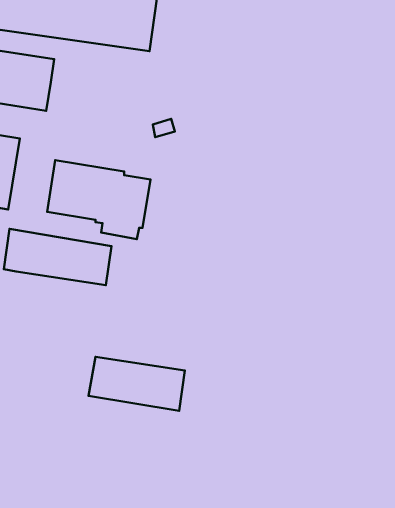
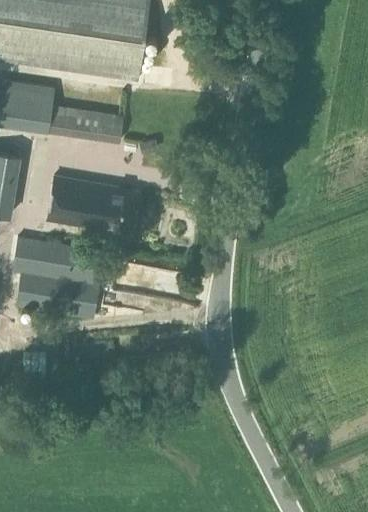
building: none -> [44,106,110,141]
building: [89,357,185,411] -> [12,271,96,318]

